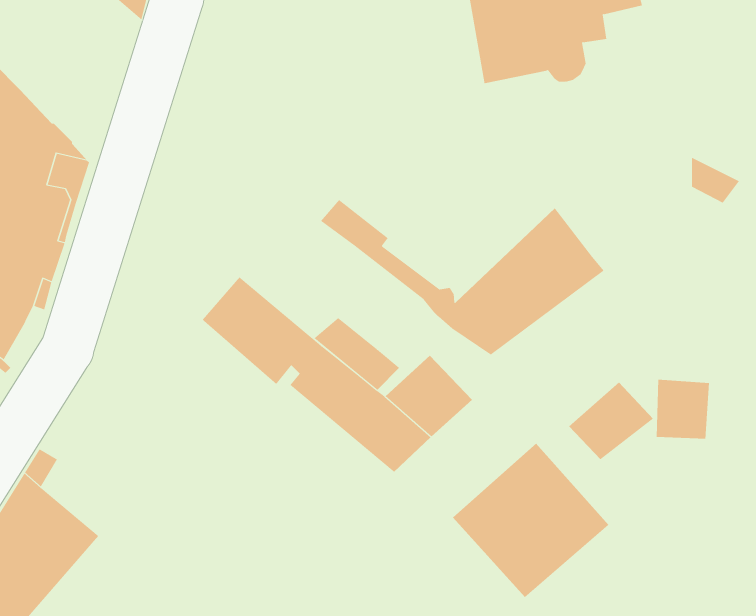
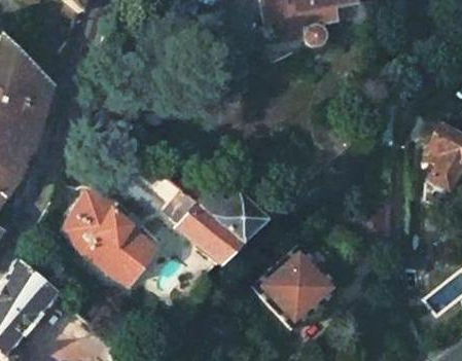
building: [320,199,604,356] -> none
building: none -> [62,190,154,286]
building: [568,381,654,460] -> none

